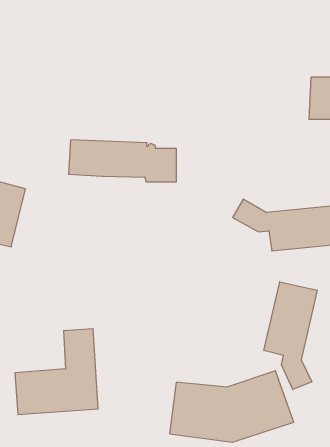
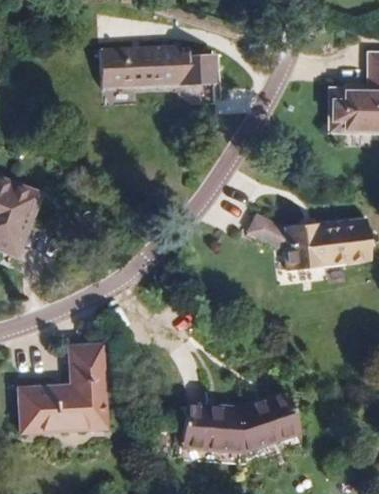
building: [69,140,176,182] -> [98,46,211,90]
building: [264,282,317,390] -> none

